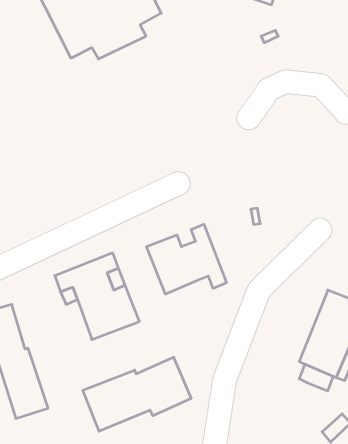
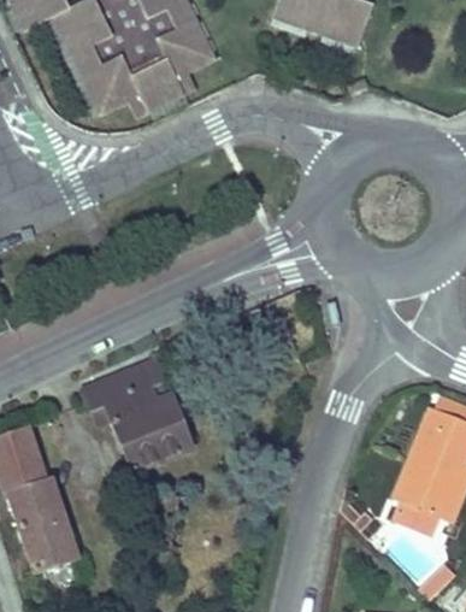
building: [147,224,226,294] -> none
building: [83,357,191,431] -> none

